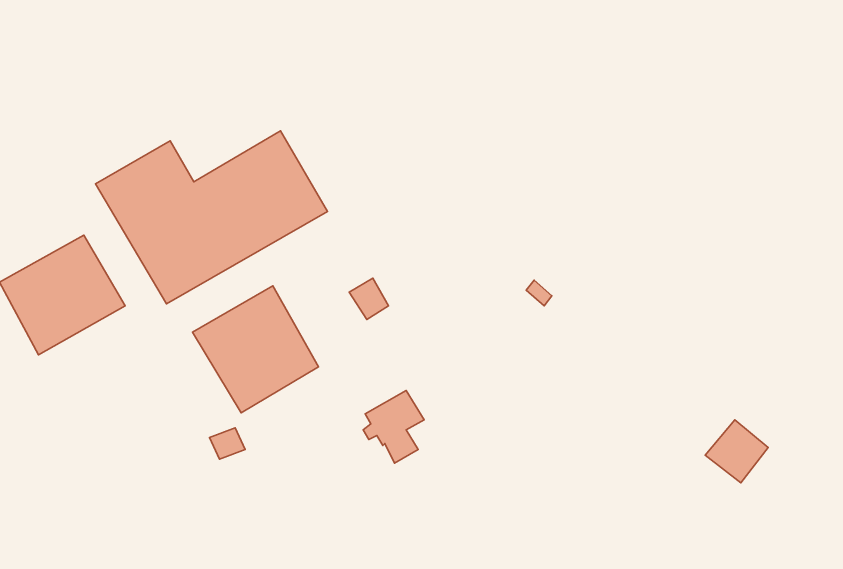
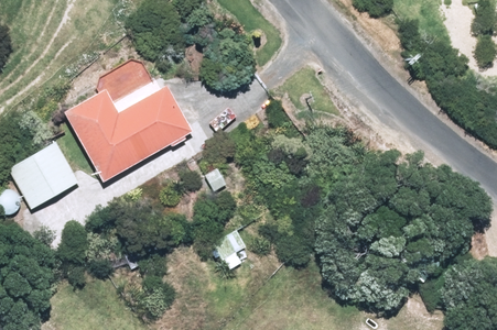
building: [193,286,319,413] -> none

